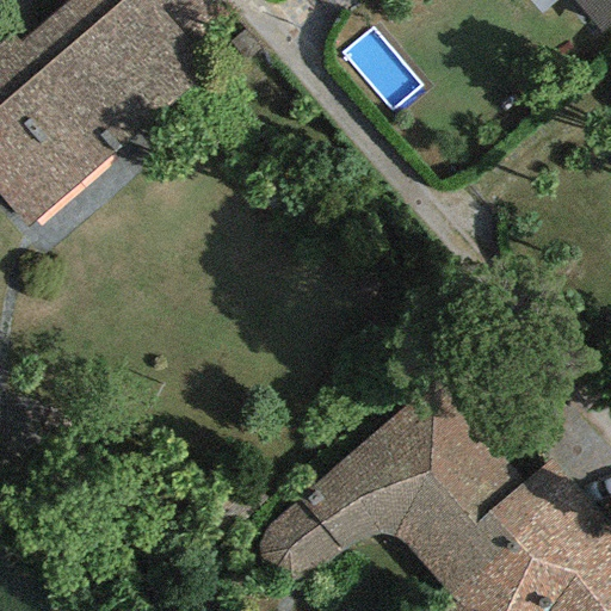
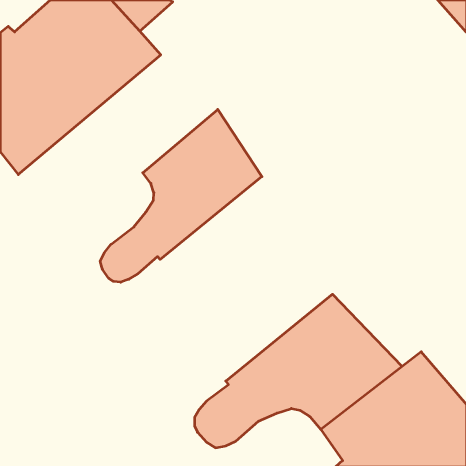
building: none -> [100,109,262,282]

